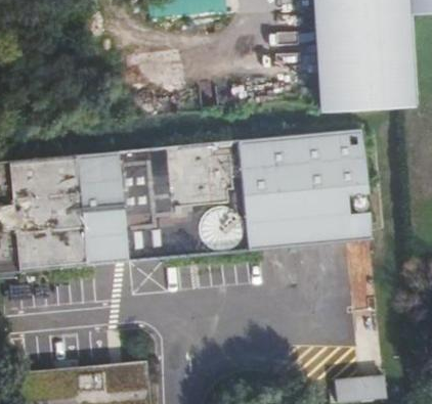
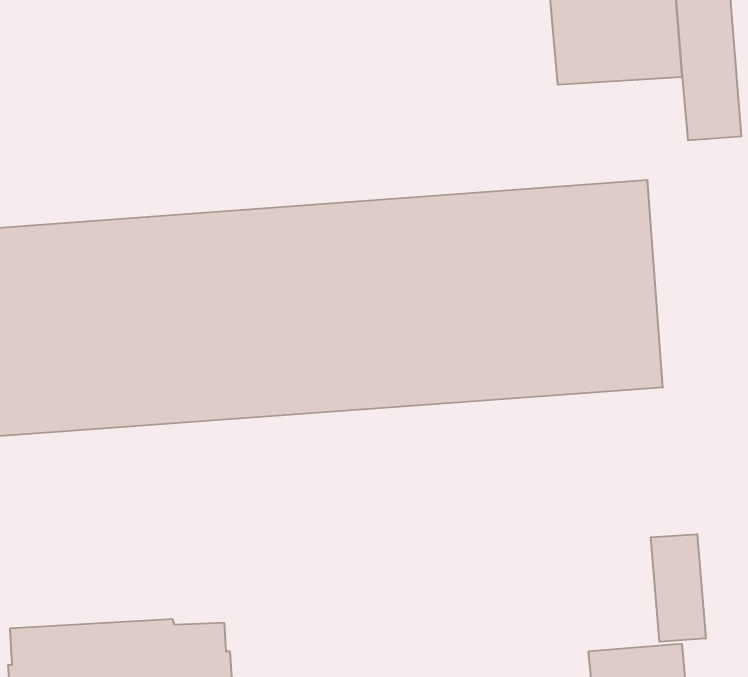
building: [319,74,389,113] -> none
building: none -> [651,534,706,642]

